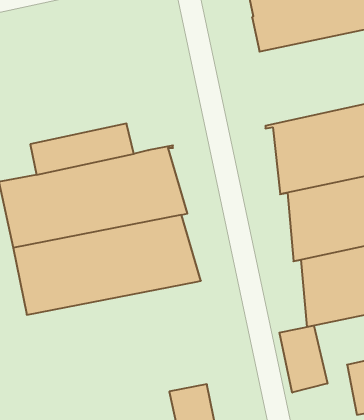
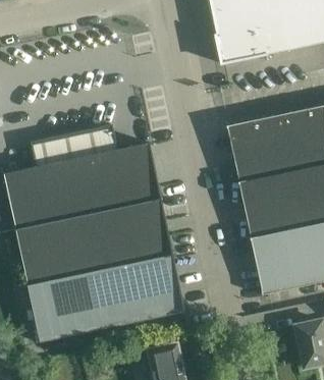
building: none -> [26,257,183,342]
building: [279,326,327,393] -> none

